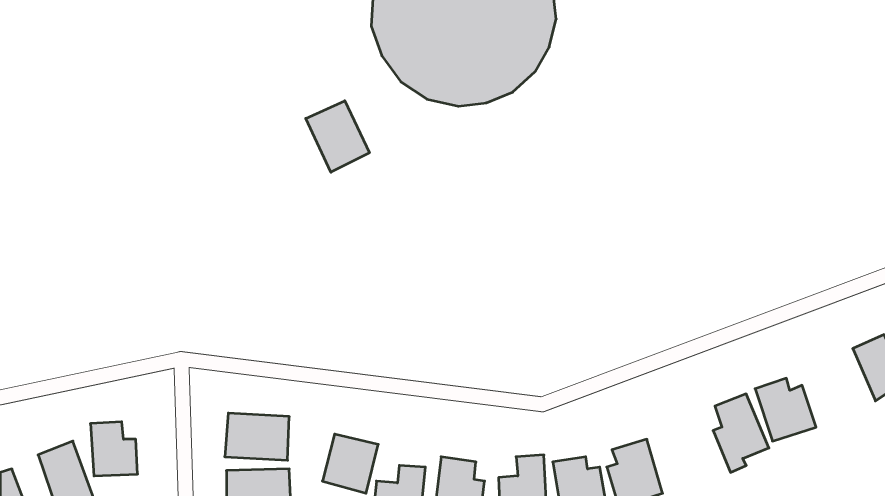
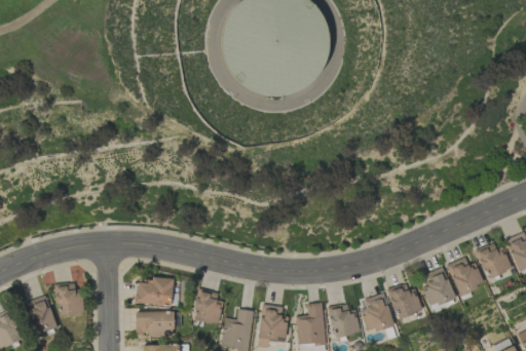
building: [306,101,369,172] -> none
building: none -> [475,243,512,279]
building: none -> [387,281,420,319]

